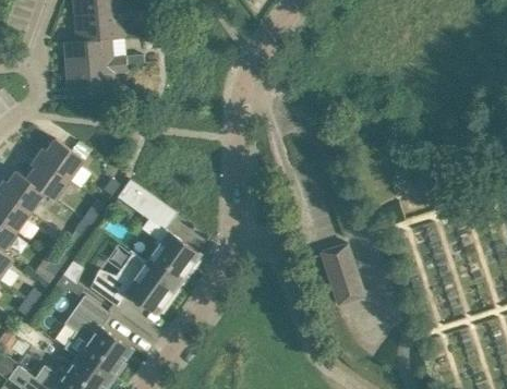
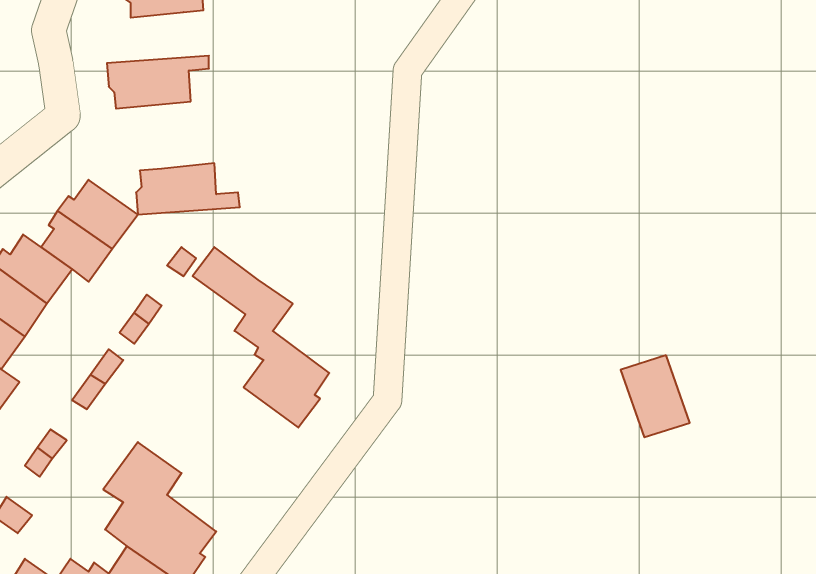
building: [64,38,126,69] -> [136,163,240,214]
building: [319,243,361,292] -> [621,355,690,437]
building: [89,253,180,314] -> none

